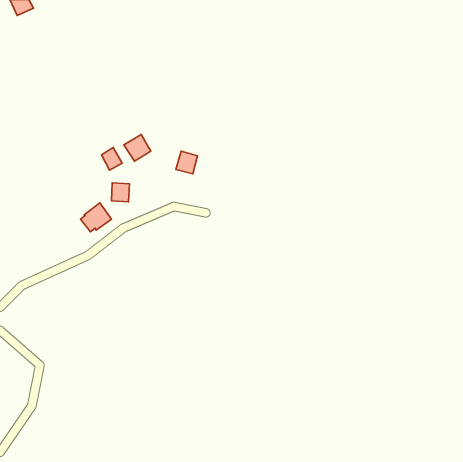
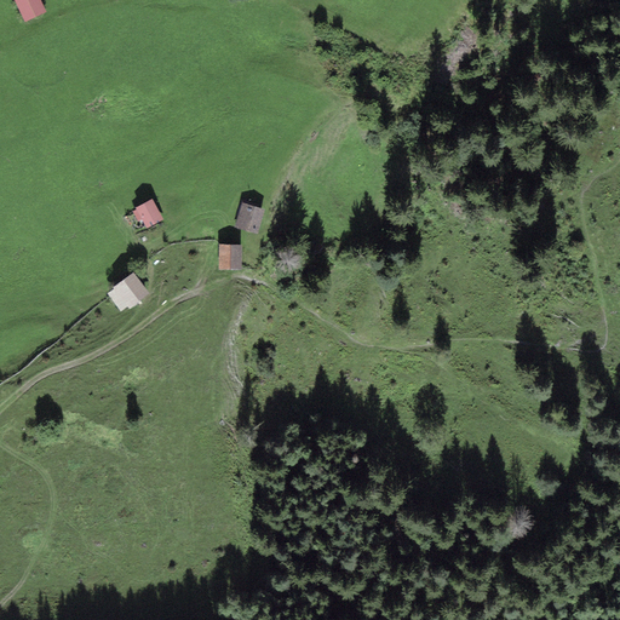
building: [124,135,151,161] -> none
building: [111,183,130,202] -> [218,243,242,269]

